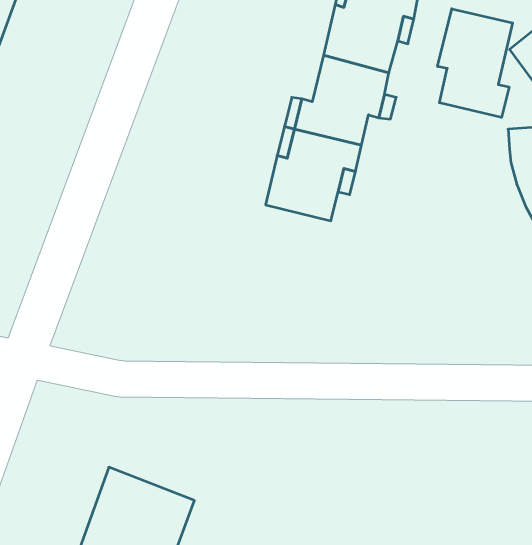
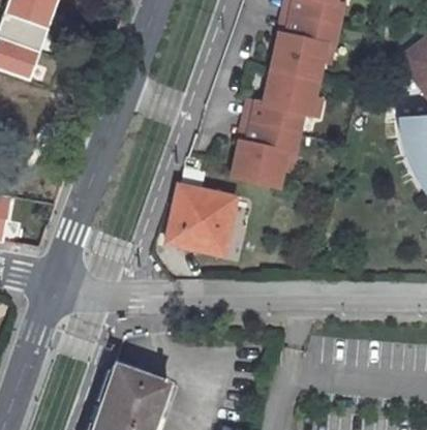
building: [438,9,513,117] -> none
building: none -> [164,182,228,249]

